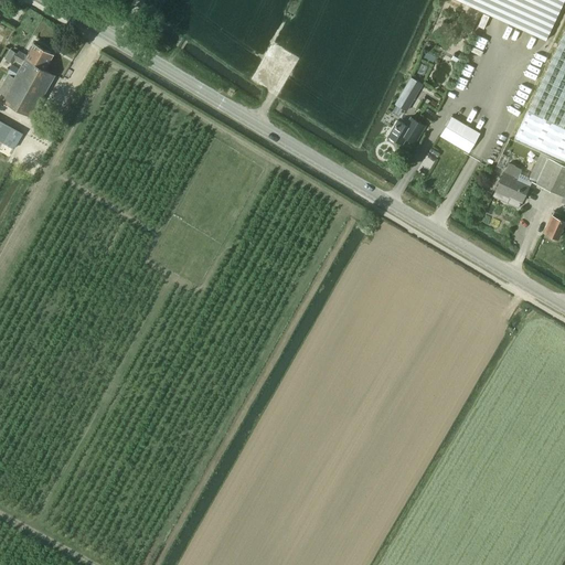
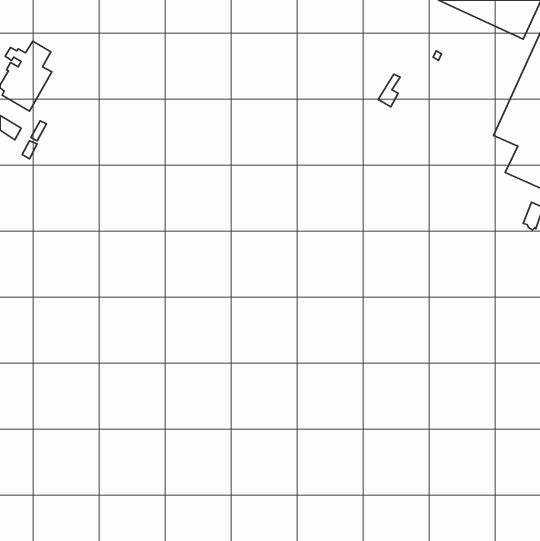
building: [391,116,426,142] -> none
building: [440,116,481,152] -> none
building: [494,163,530,207] -> none

